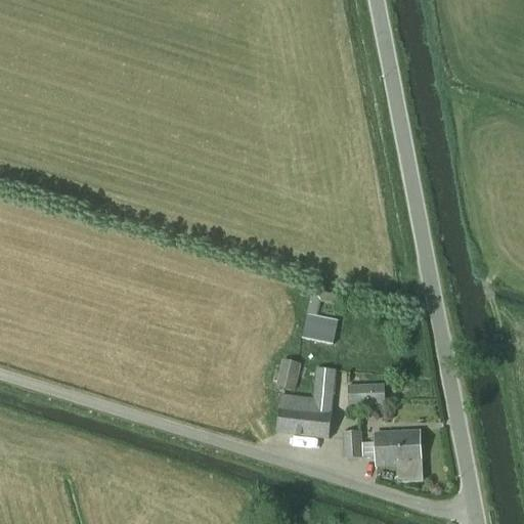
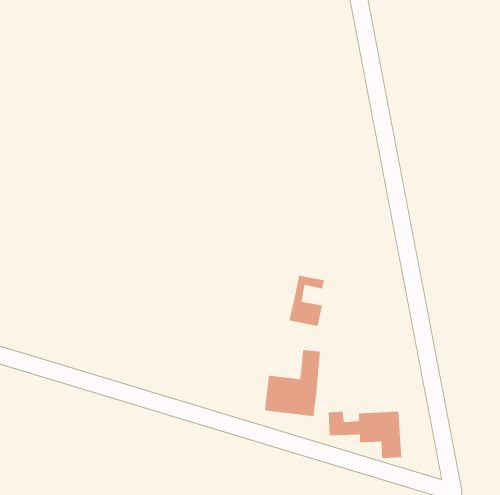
building: [275,357,300,389] -> none
building: [347,383,384,402] -> none

